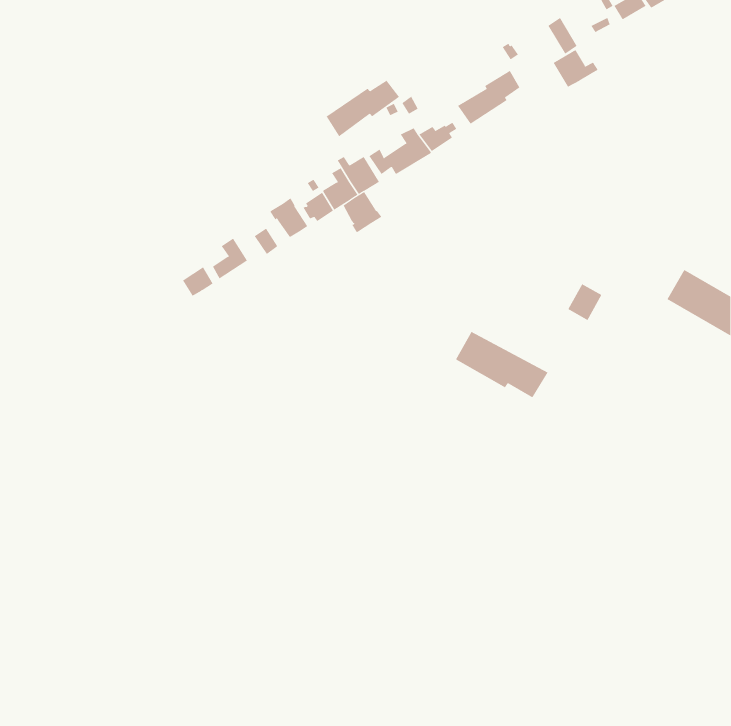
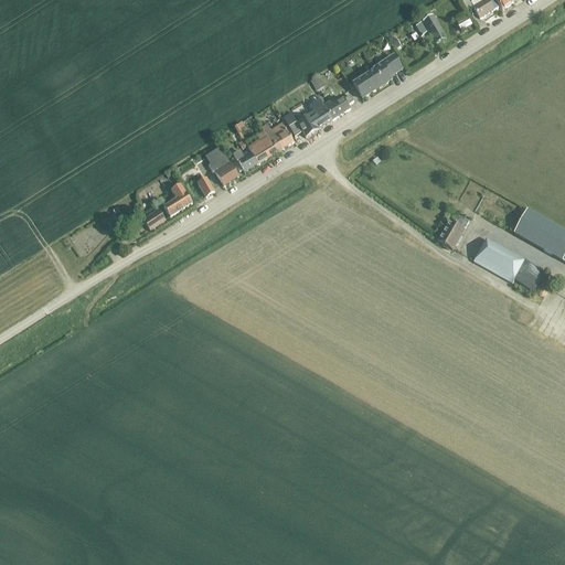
building: [553,49,598,87] -> none
building: [326,80,400,137] -> none
building: [343,191,382,233] -> none
building: [455,331,548,398] -> [472,237,544,289]

